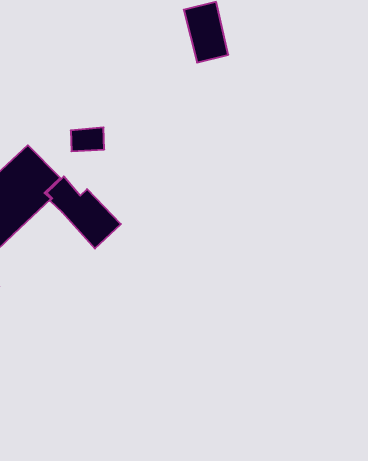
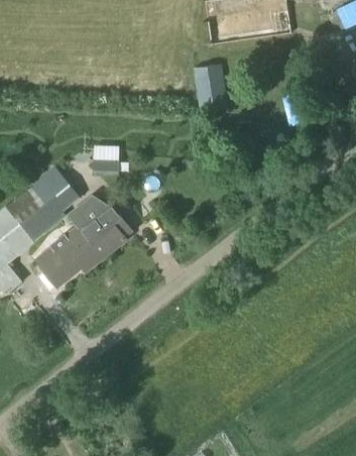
building: none -> [35,225,103,287]

